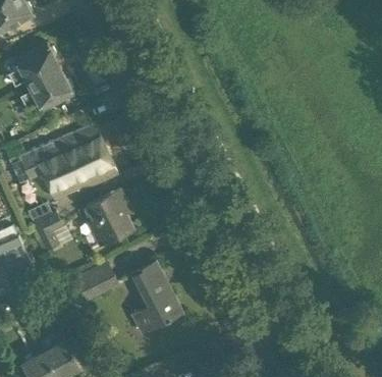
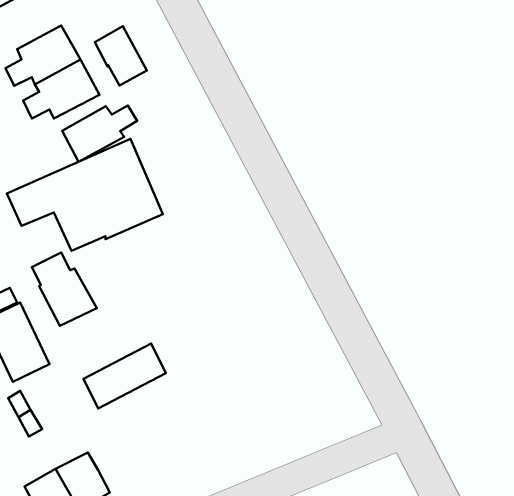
building: none -> [95,26,147,85]
building: none -> [62,106,137,162]
building: [87,188,134,245] -> none
building: [128,262,183,326] -> none

